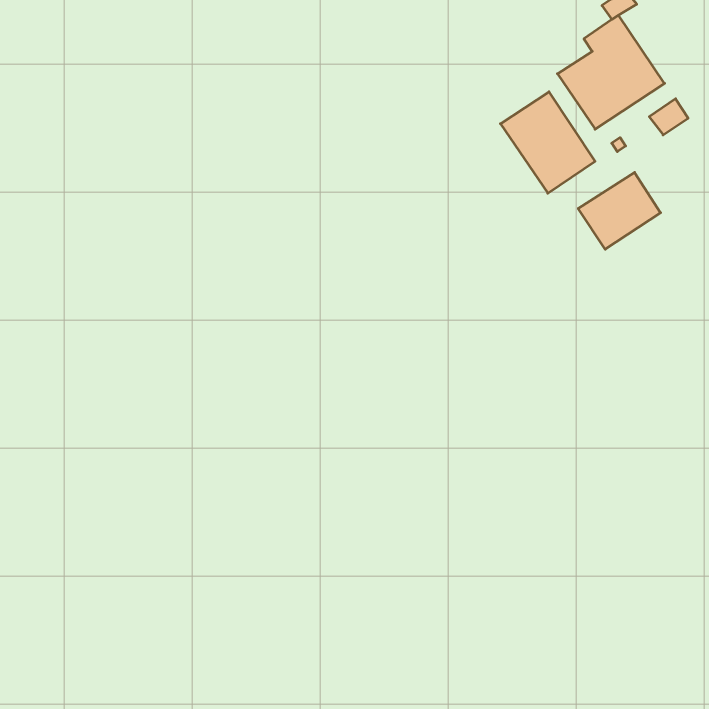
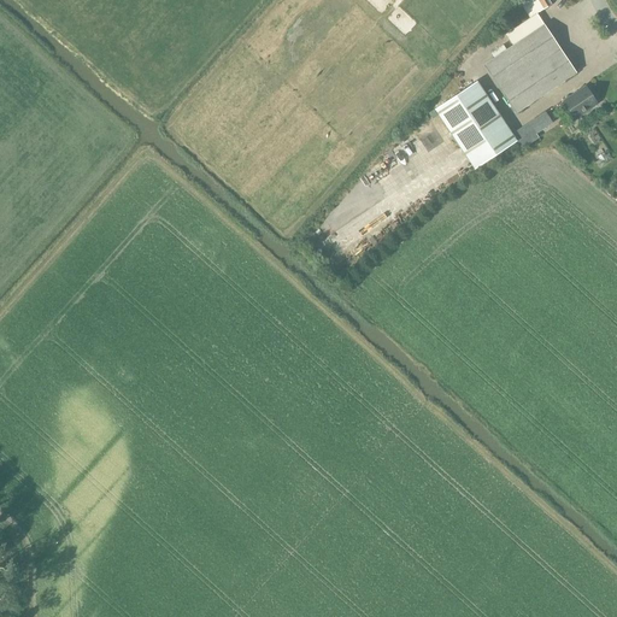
building: [578,172,661,249] -> none

